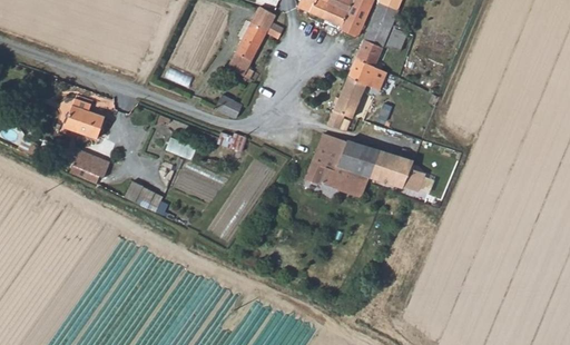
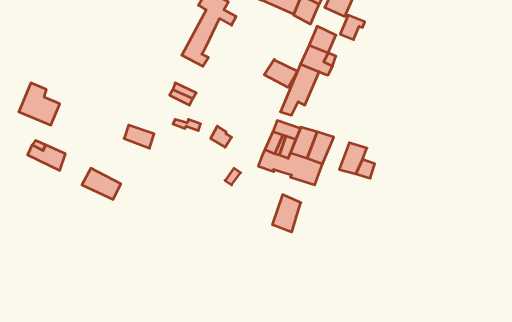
building: [363,20,391,48] -> none
building: none -> [264,59,297,87]
building: [368,150,395,183] -> none
building: none -> [273,195,301,232]

